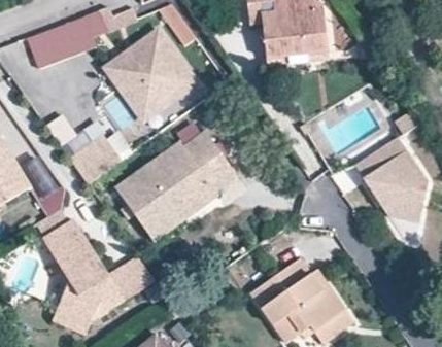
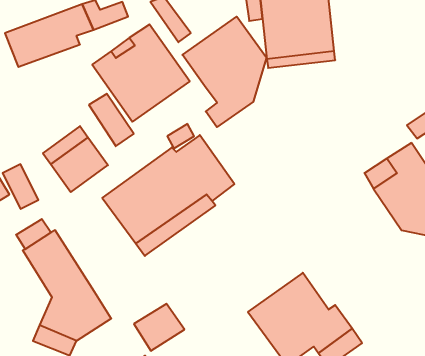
building: none -> [182,17,267,127]
building: [108,255,155,299] -> [134,304,184,351]

